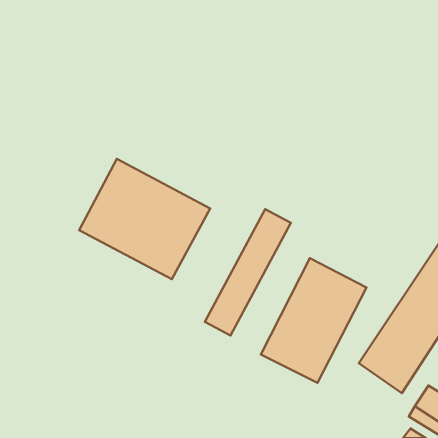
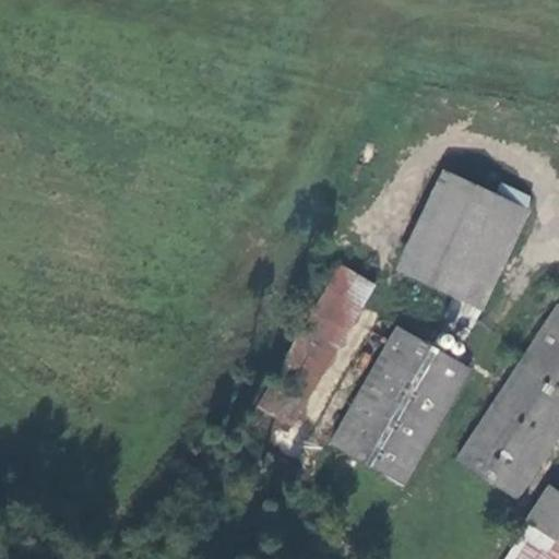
building: none -> [399,167,523,305]
building: [79,159,210,279] -> none

